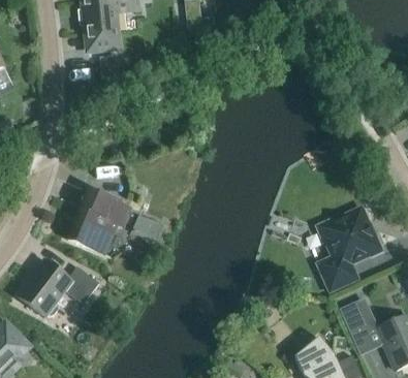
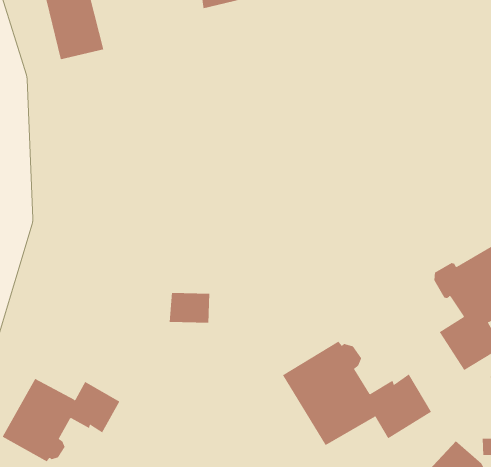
building: [64,188,132,257] -> none
building: none -> [282,341,432,446]

